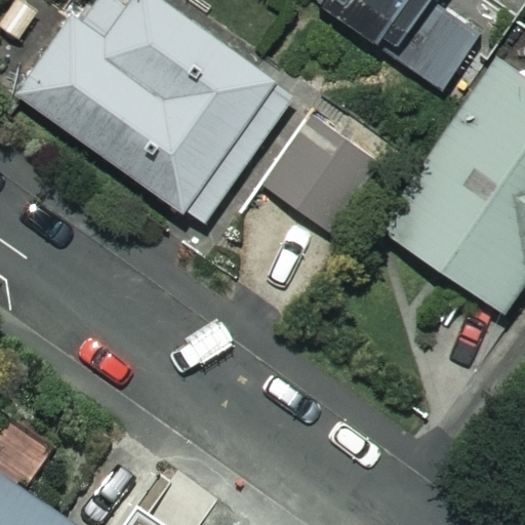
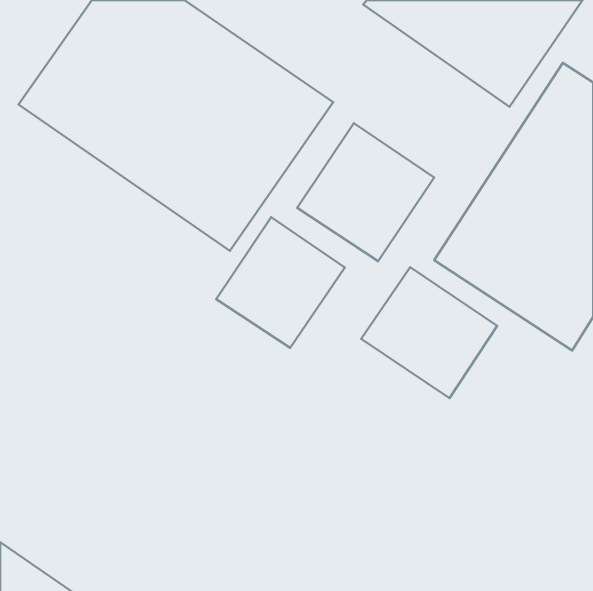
building: none -> [216,217,345,348]
building: none -> [361,267,497,398]

